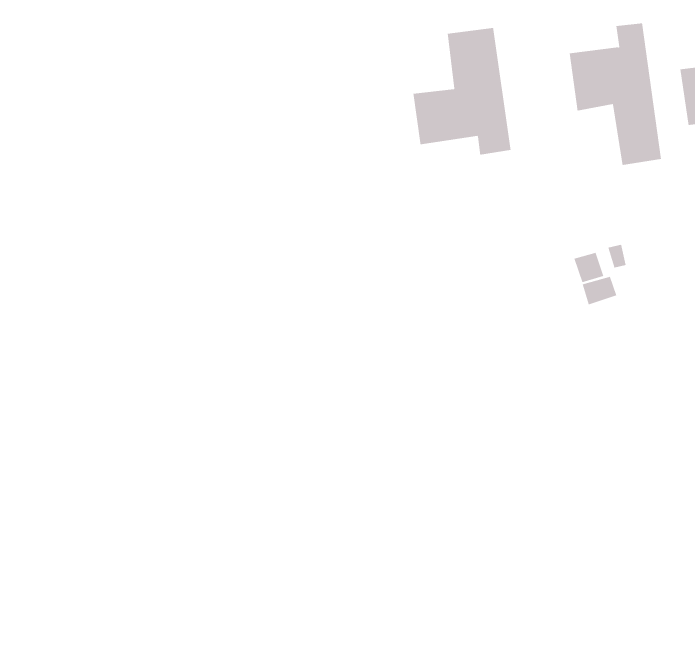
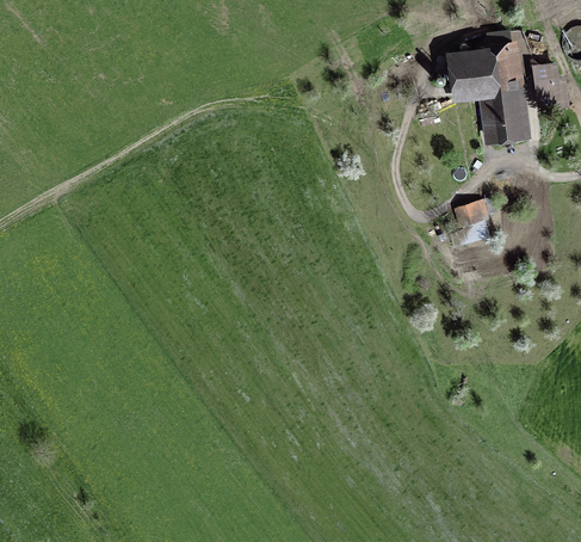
building: [413,27,511,156] -> none

